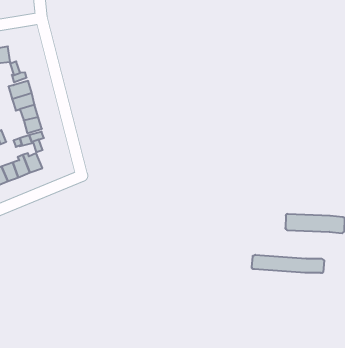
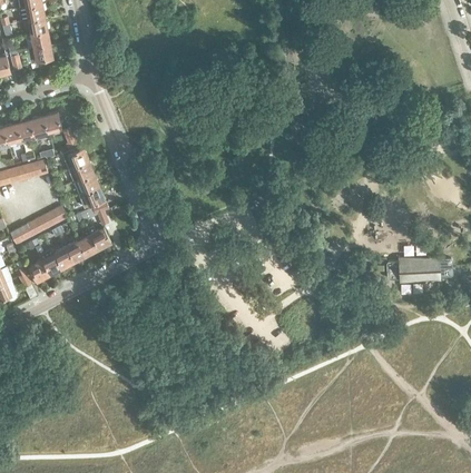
building: [252,255,324,273] -> none

